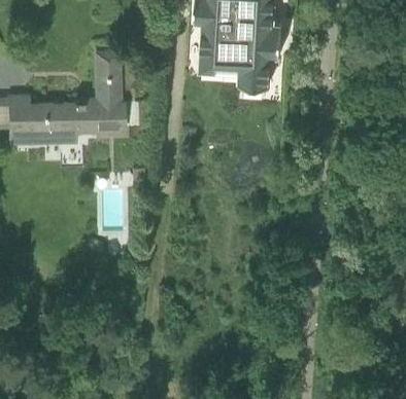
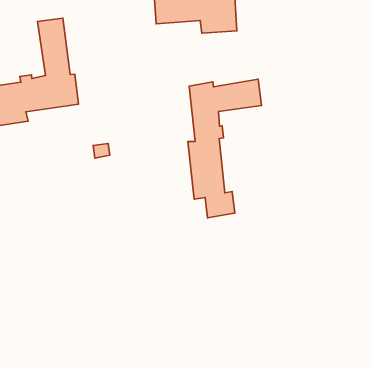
building: none -> [188,79,261,218]

